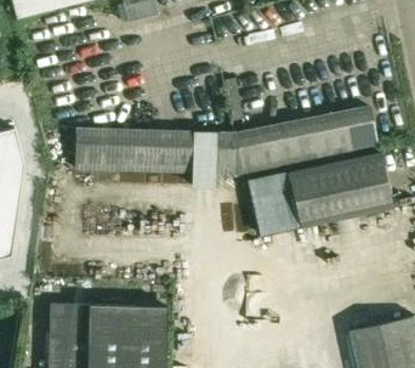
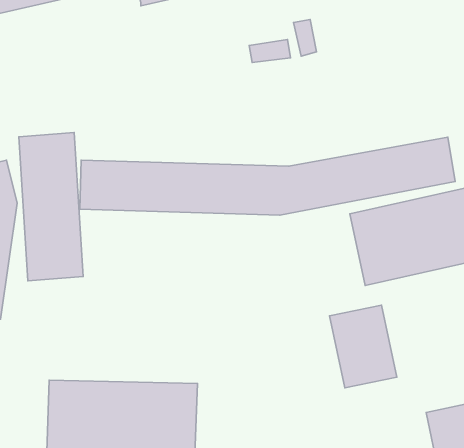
building: none -> [19,132,83,281]
building: [249,171,302,237] -> [330,305,397,388]

